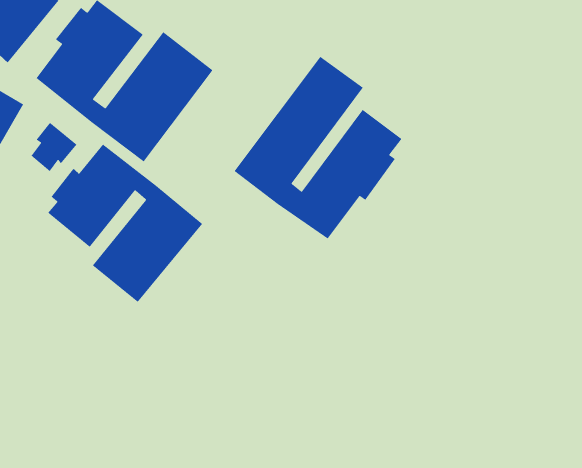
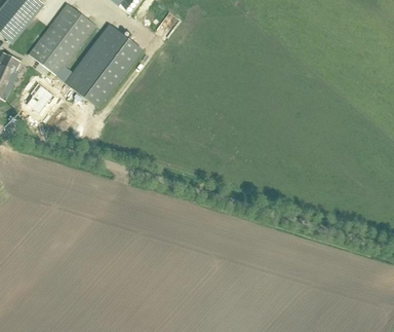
building: [233,56,402,239] -> none
building: [47,143,203,303] -> none

